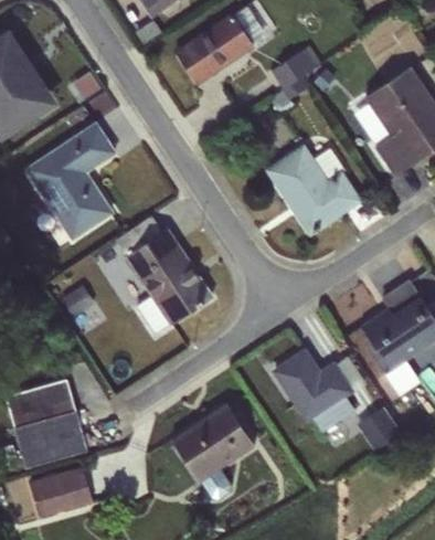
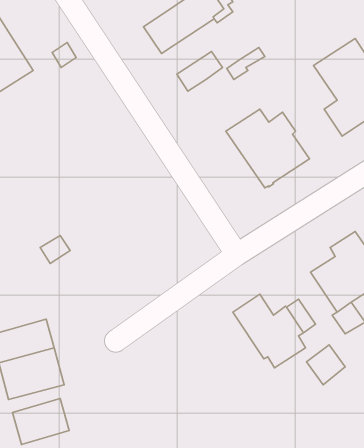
building: [270,46,321,91] -> [177,51,222,91]
building: [25,124,115,242] -> none
building: [116,218,212,335] -> none
building: [172,403,256,500] -> none

